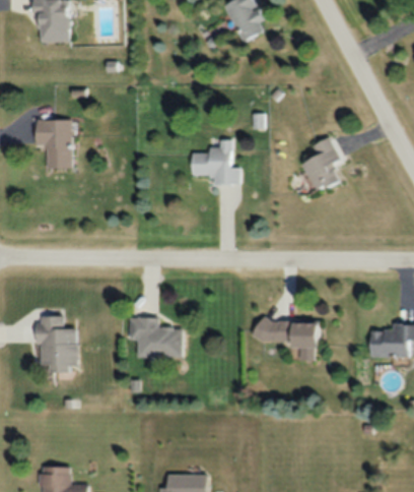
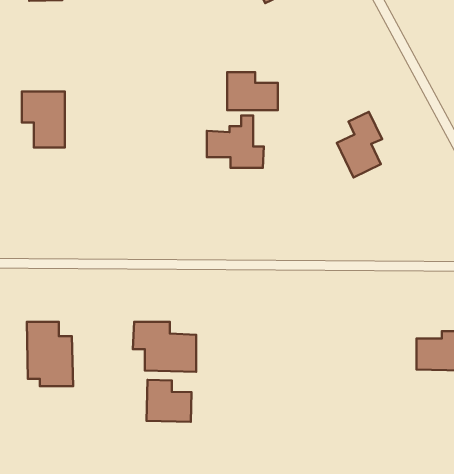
building: none -> [227,72,278,110]
building: [256,321,318,361] -> none
building: none -> [146,380,192,422]

